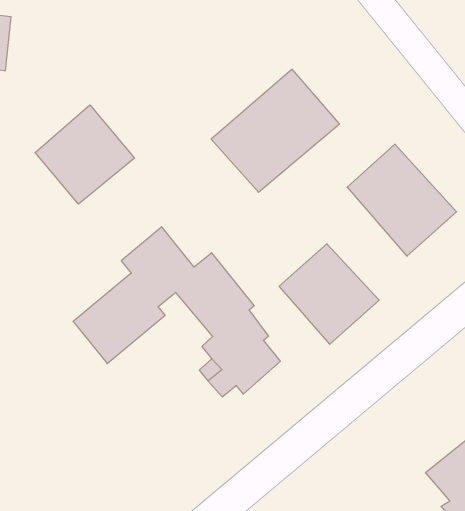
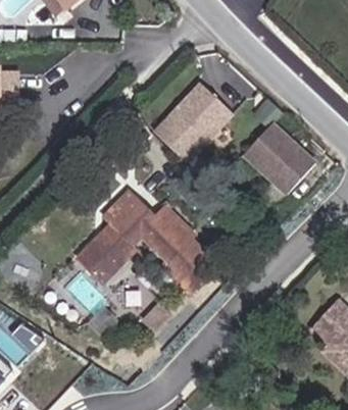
building: [35,105,135,204] -> none
building: [279,244,379,344] -> none

